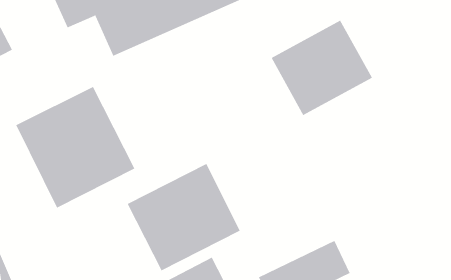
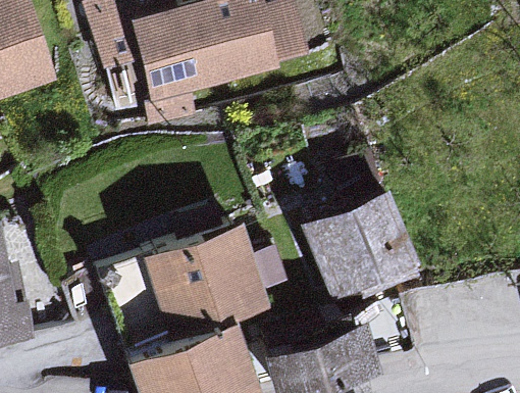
building: [271,20,373,116] -> [312,195,415,289]
building: [15,86,135,208] -> none

